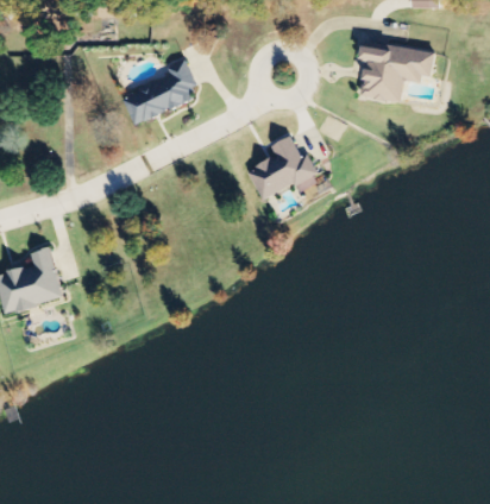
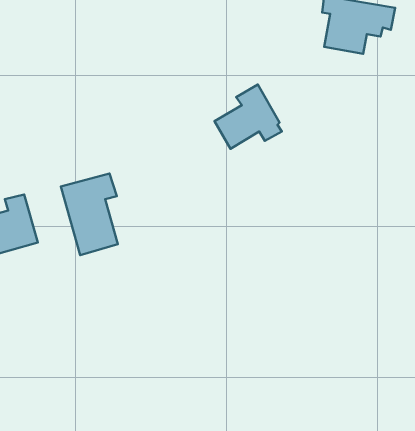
building: [119,58,195,126] -> none
building: none -> [61,173,118,255]

